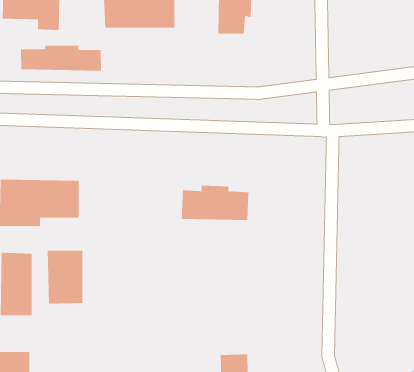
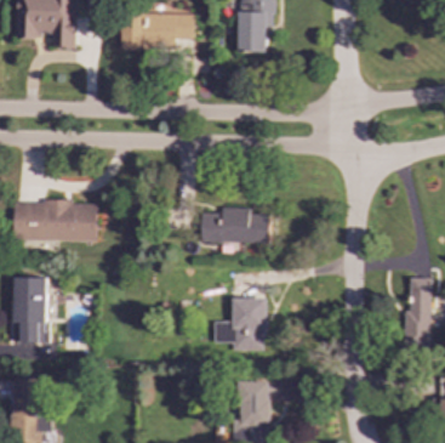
building: [20,45,102,71] -> none
building: [47,250,83,305] -> none
building: none -> [404,277,434,345]
building: none -> [213,296,266,350]

